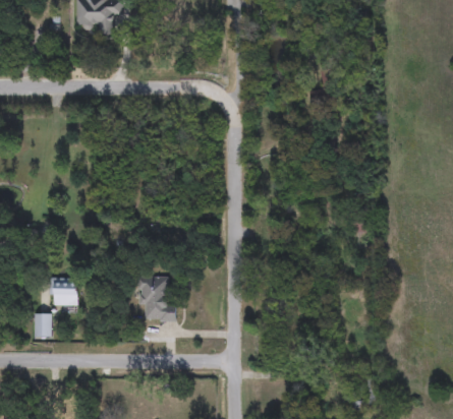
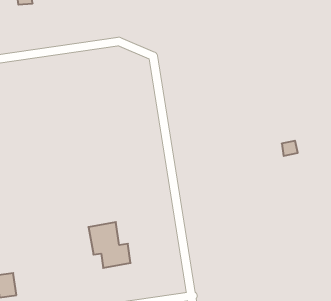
building: [53,279,78,306] -> none

